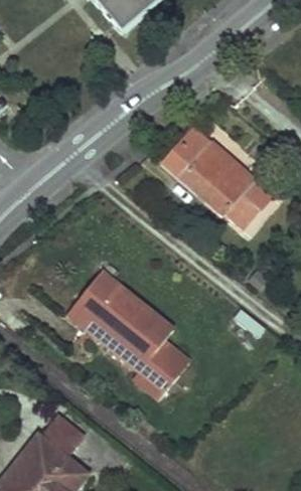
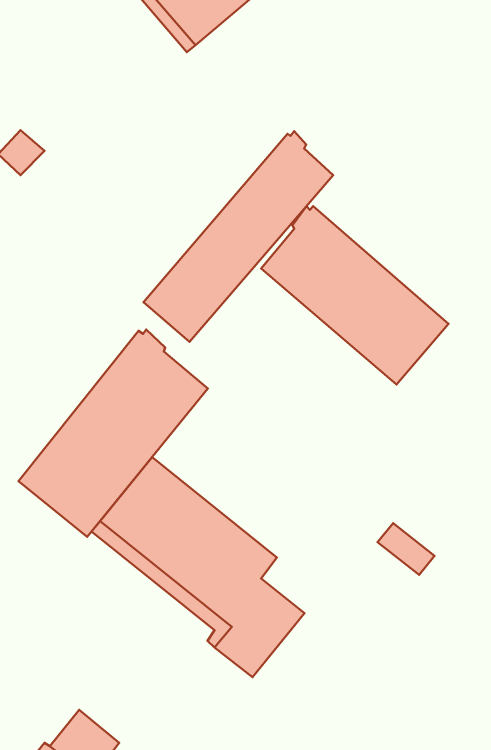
building: none -> [144,131,333,342]
building: none -> [18,329,208,537]

